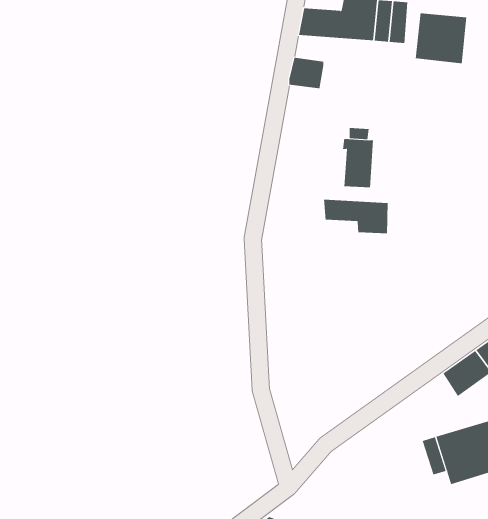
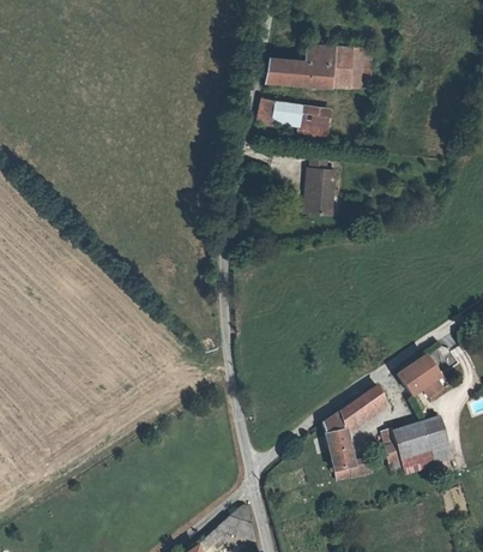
building: [415,13,467,64] -> none
building: none -> [289,108,332,140]
building: [323,199,388,234] -> none
building: none -> [321,388,381,476]

